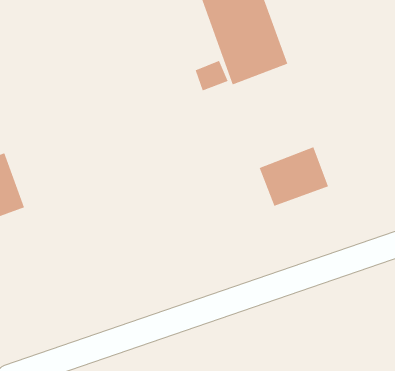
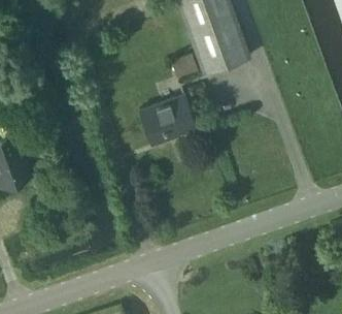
building: [259,147,329,207] -> [137,95,195,145]

